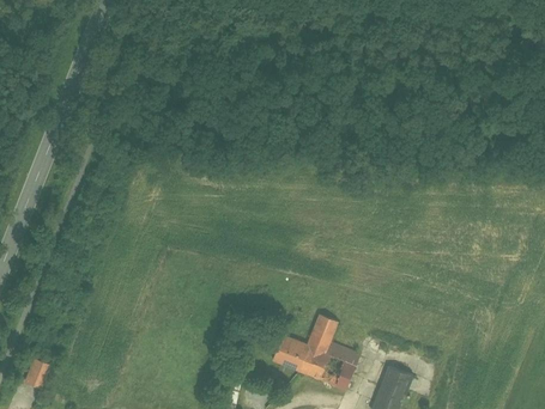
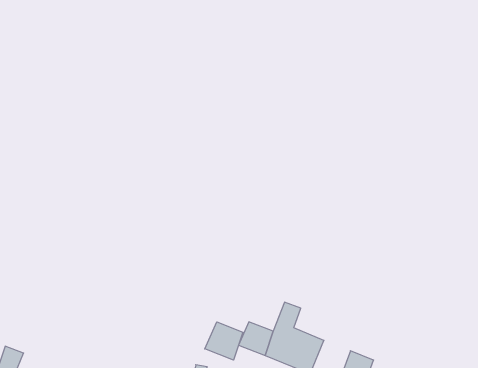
building: none -> [205,322,243,360]

